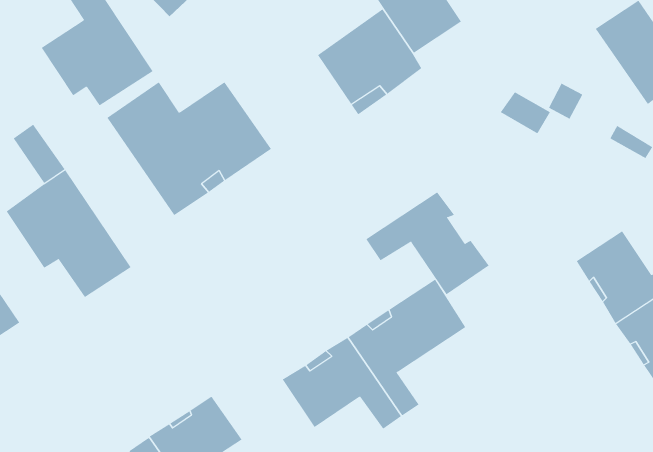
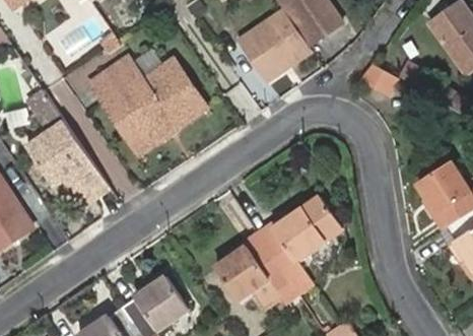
building: [366,191,489,295] -> none

